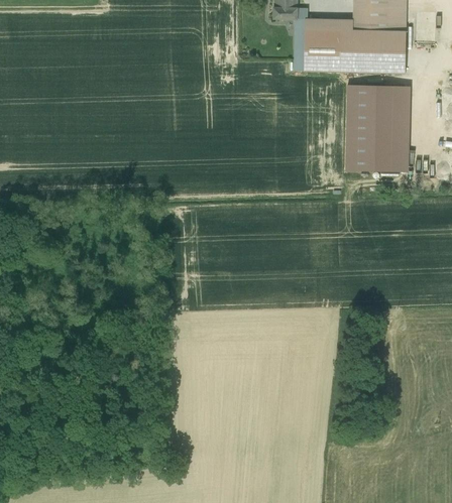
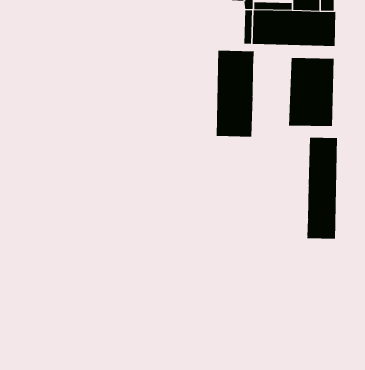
building: none -> [216,50,254,137]
building: none -> [307,137,338,240]

